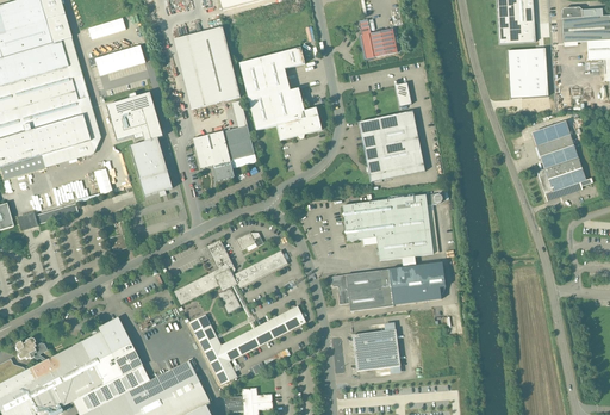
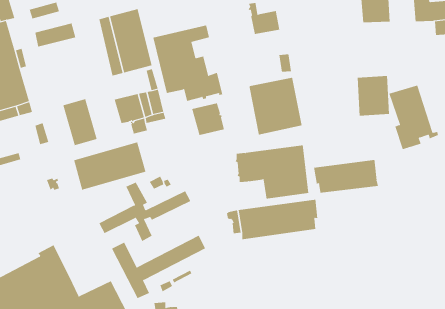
building: [508,48,548,98] -> [357,75,390,116]
building: [105,93,161,142] -> none
building: none -> [192,102,225,136]
building: none -> [73,141,146,191]
building: none -> [314,159,379,193]
building: [353,321,402,373] -> none

